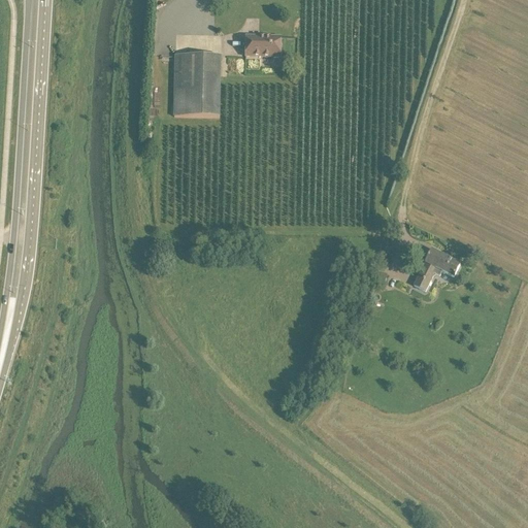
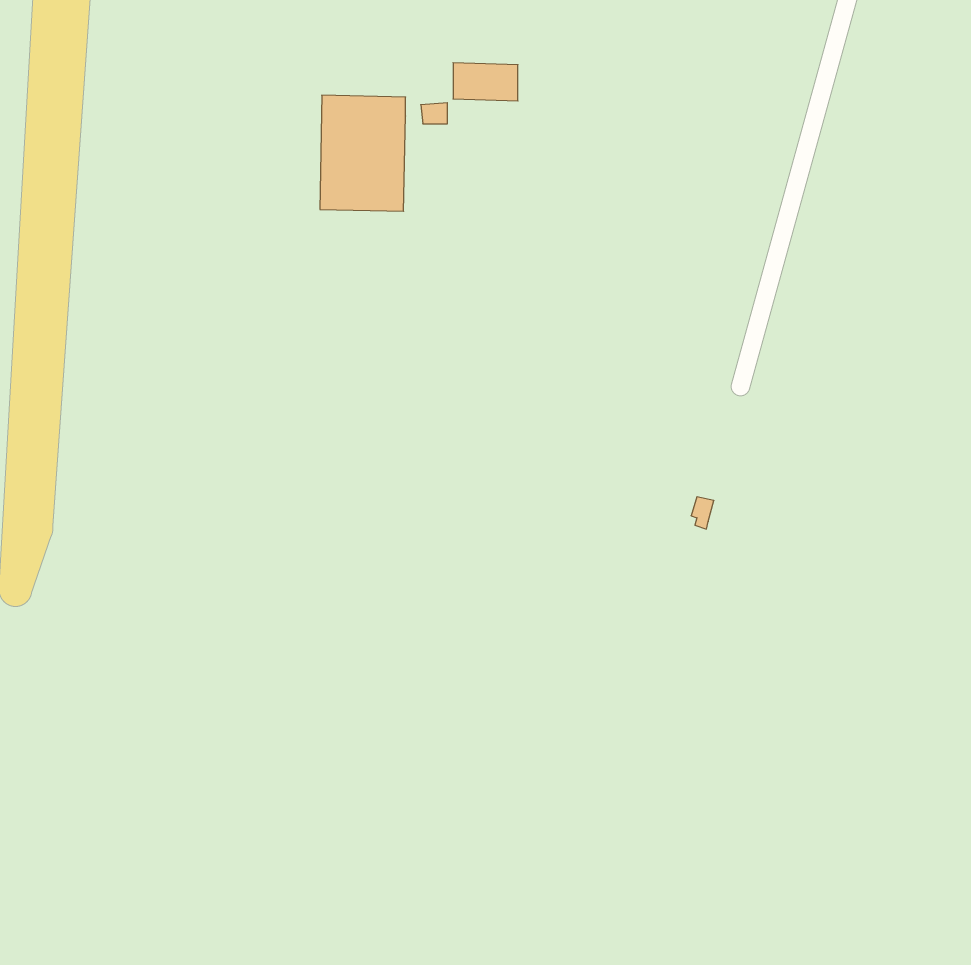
building: [414,249,460,290] -> none

